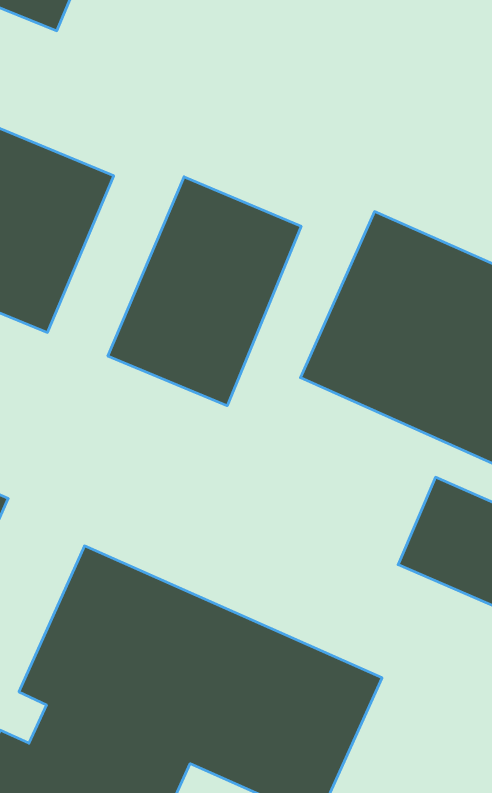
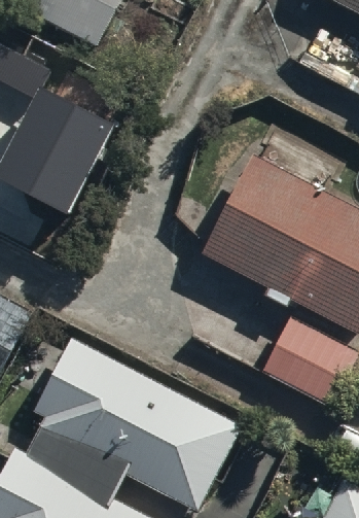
building: [108,177,301,406] -> none

